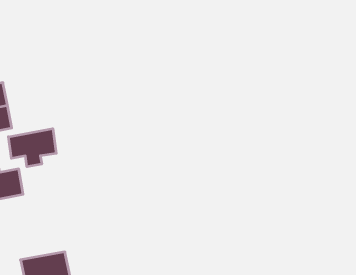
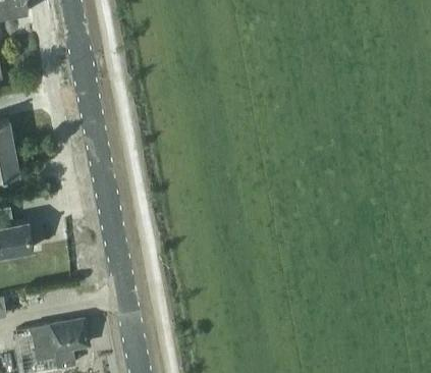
building: [8,129,56,167] -> none

